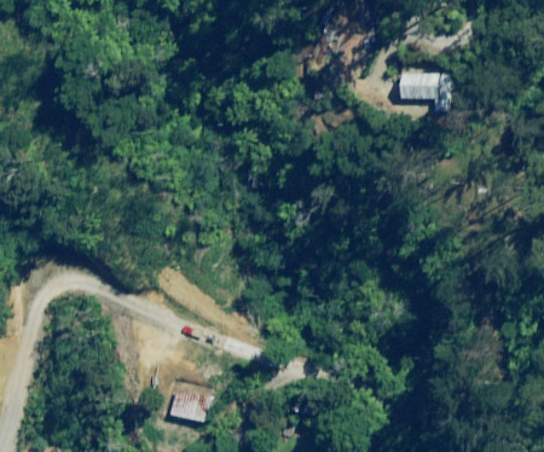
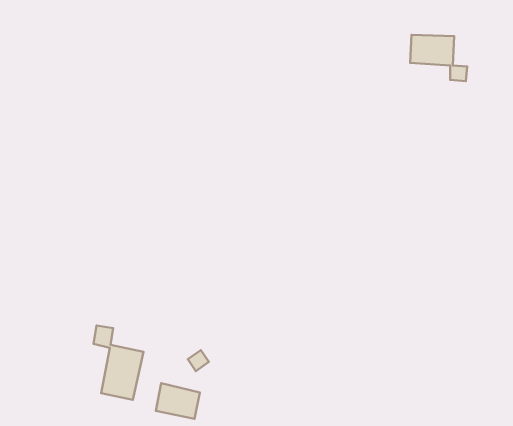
building: none -> [93,326,144,400]

